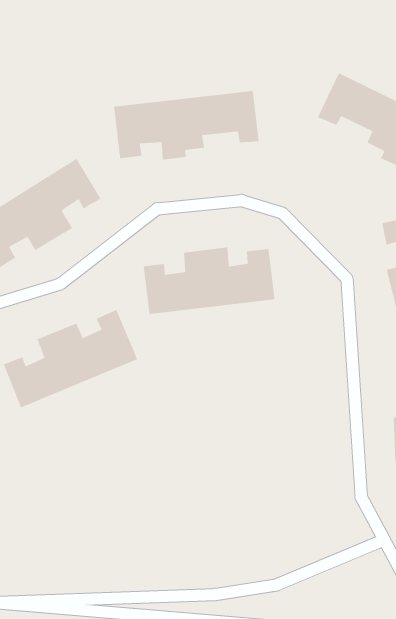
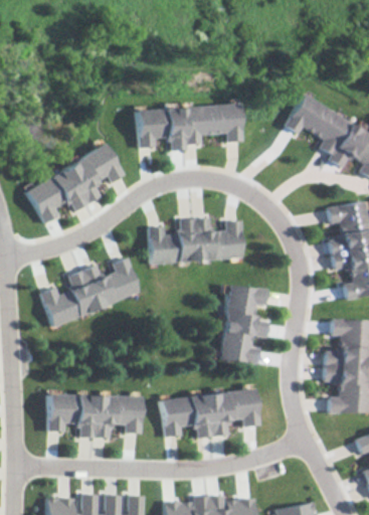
building: none -> [222,286,268,364]
building: none -> [162,389,259,439]
building: none -> [49,394,143,439]

